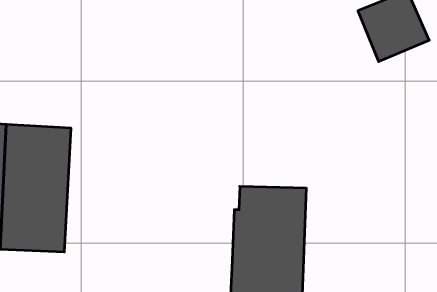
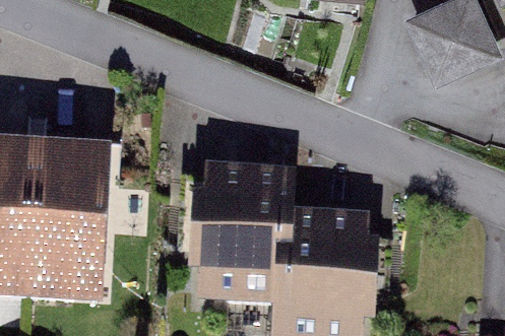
building: none -> [206,173,290,297]

